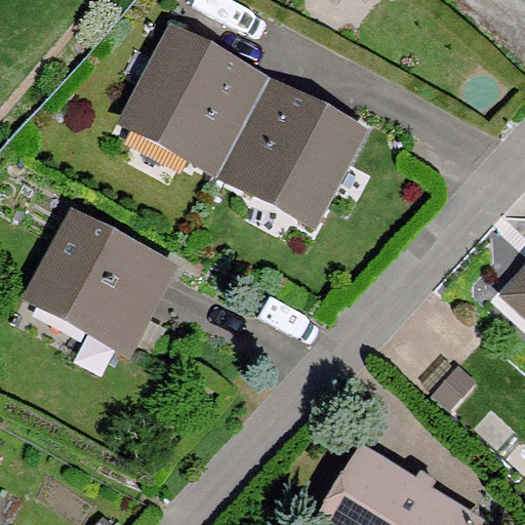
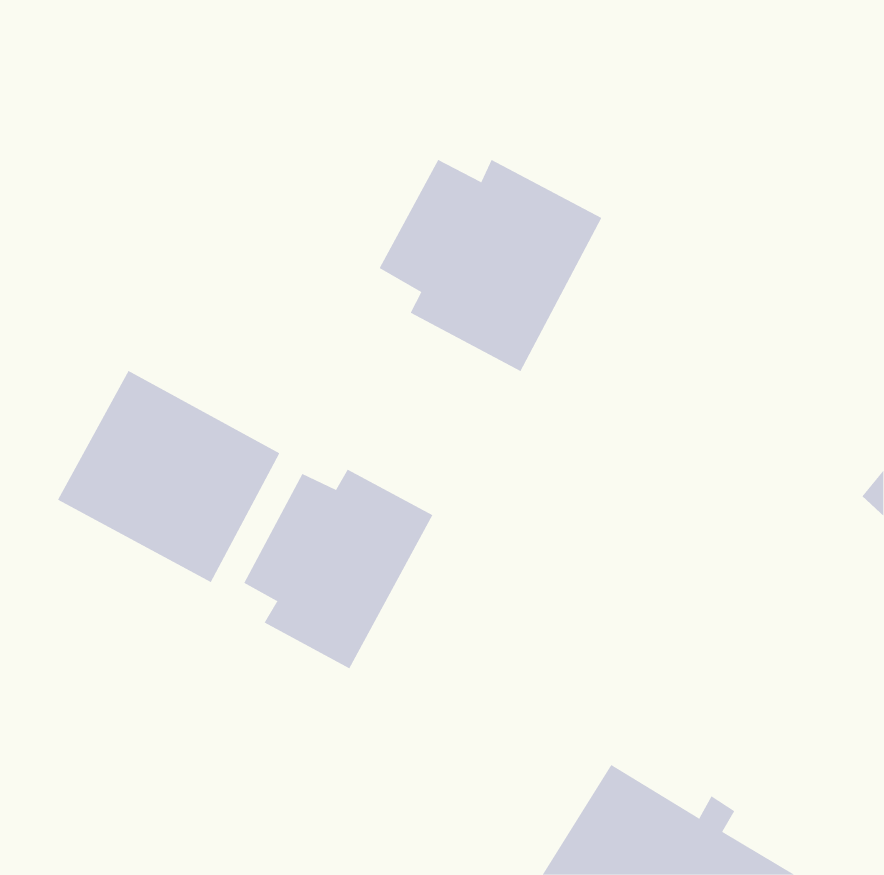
building: [127,33,259,159] -> none
building: none -> [243,469,433,669]

